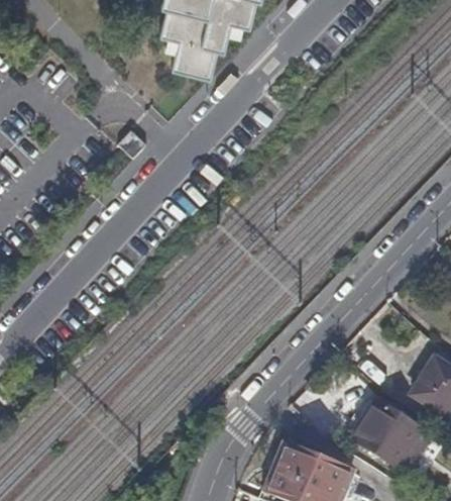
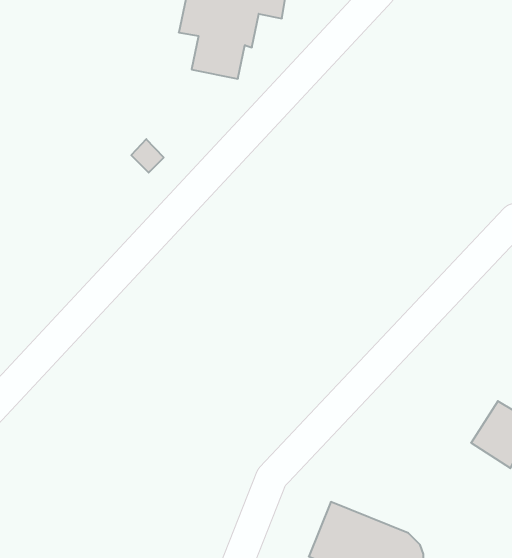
building: [352,399,433,473] -> none

